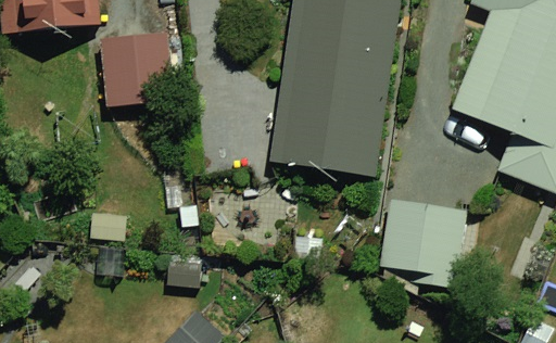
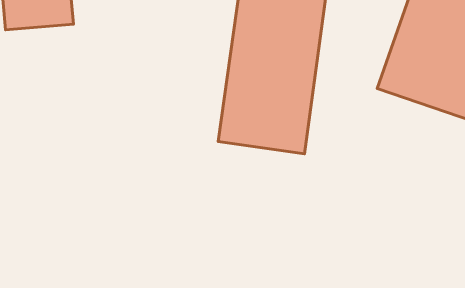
building: [96,37,170,110] -> none
building: [374,196,464,277] -> none

